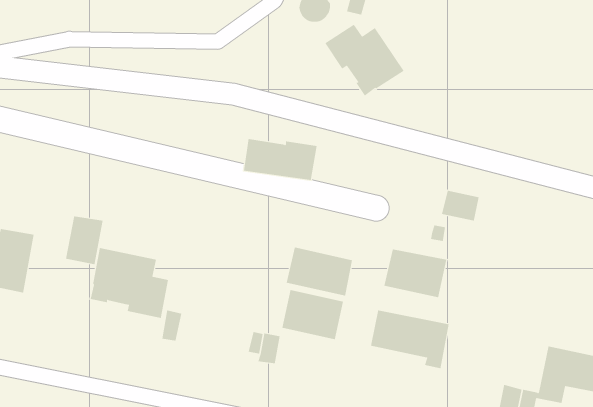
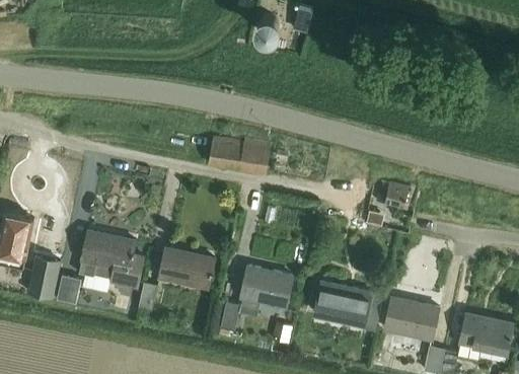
building: [324,24,404,96] -> none
building: [65,216,103,265] -> [27,255,60,297]
building: [286,247,353,296] -> [157,246,214,288]
building: [384,249,447,298] -> [383,298,437,340]
building: none -> [57,275,82,303]

